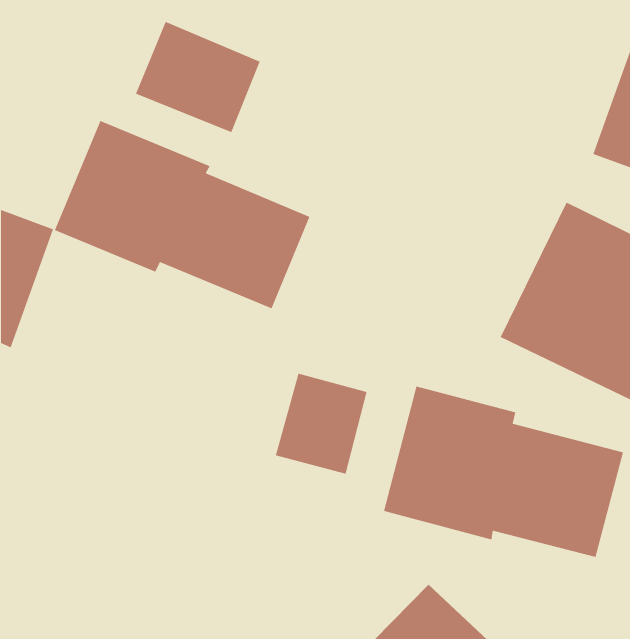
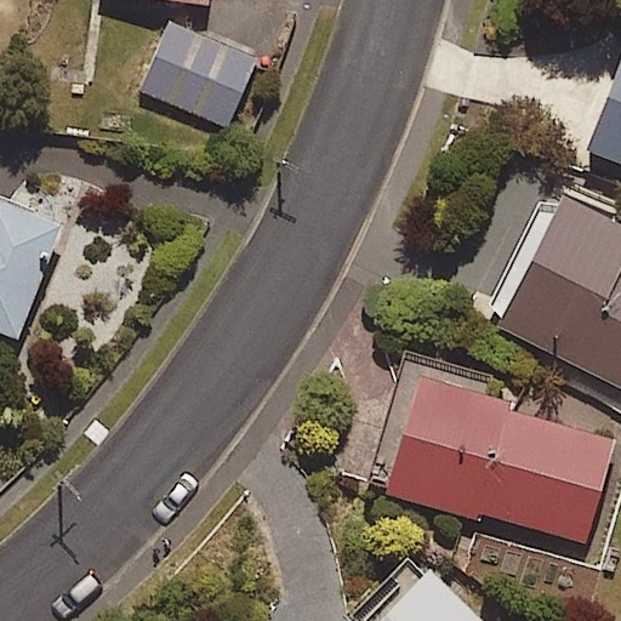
building: [54,120,310,309] -> none
building: [275,373,367,475] -> none

